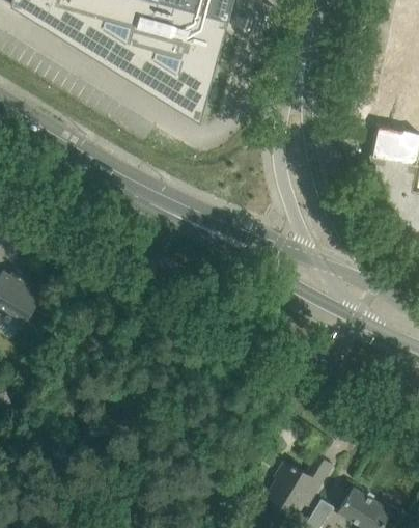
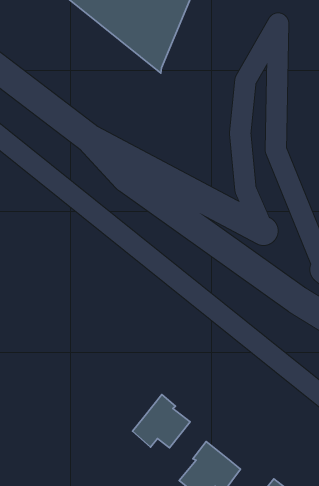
building: none -> [132,395,190,448]

